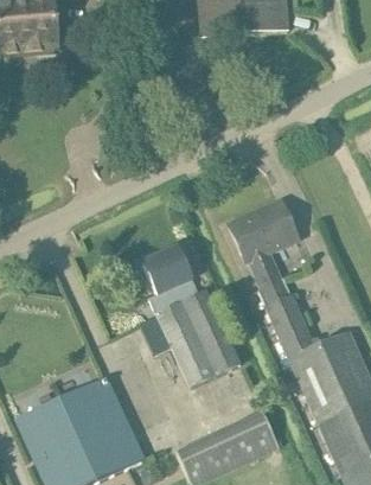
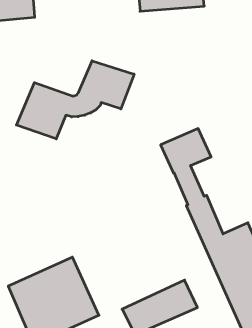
building: none -> [16,61,134,139]
building: [143,247,242,388] -> none

